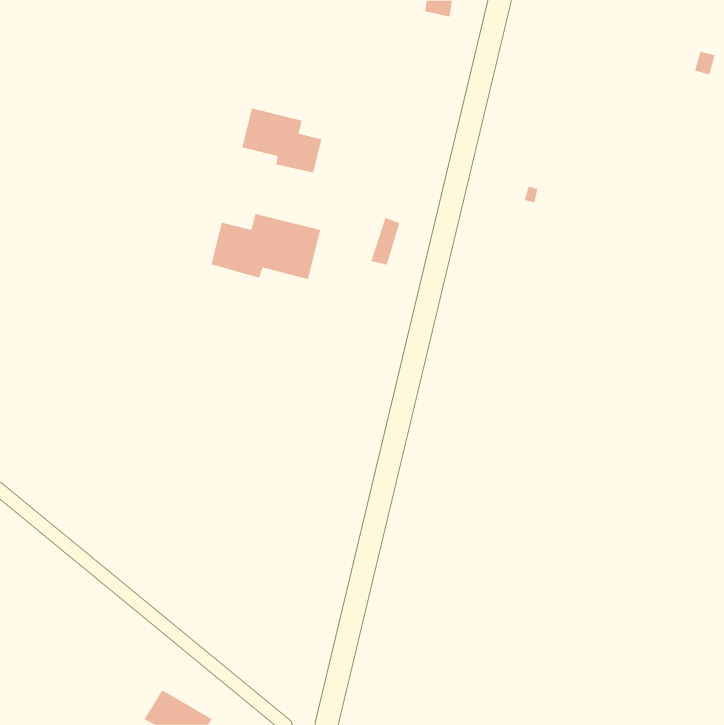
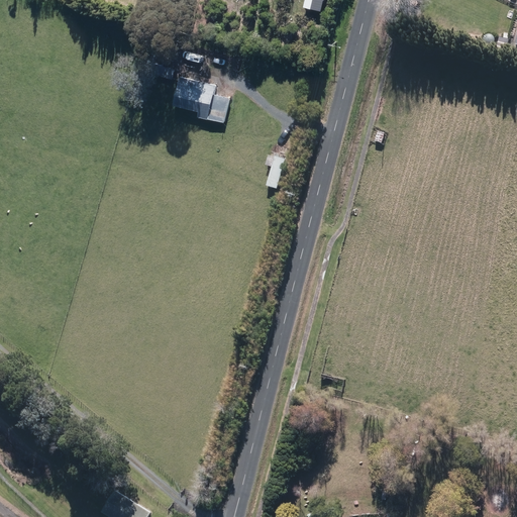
building: [211,213,321,280] -> none

